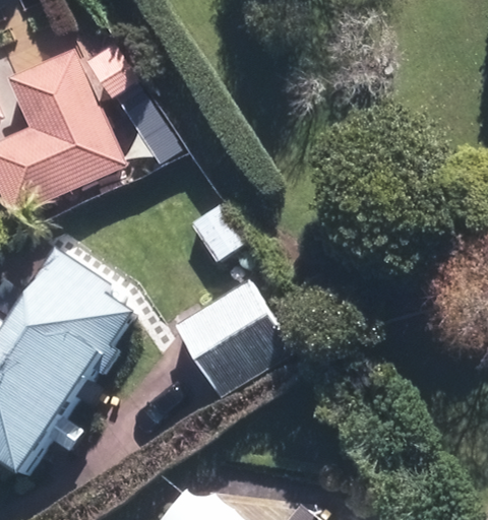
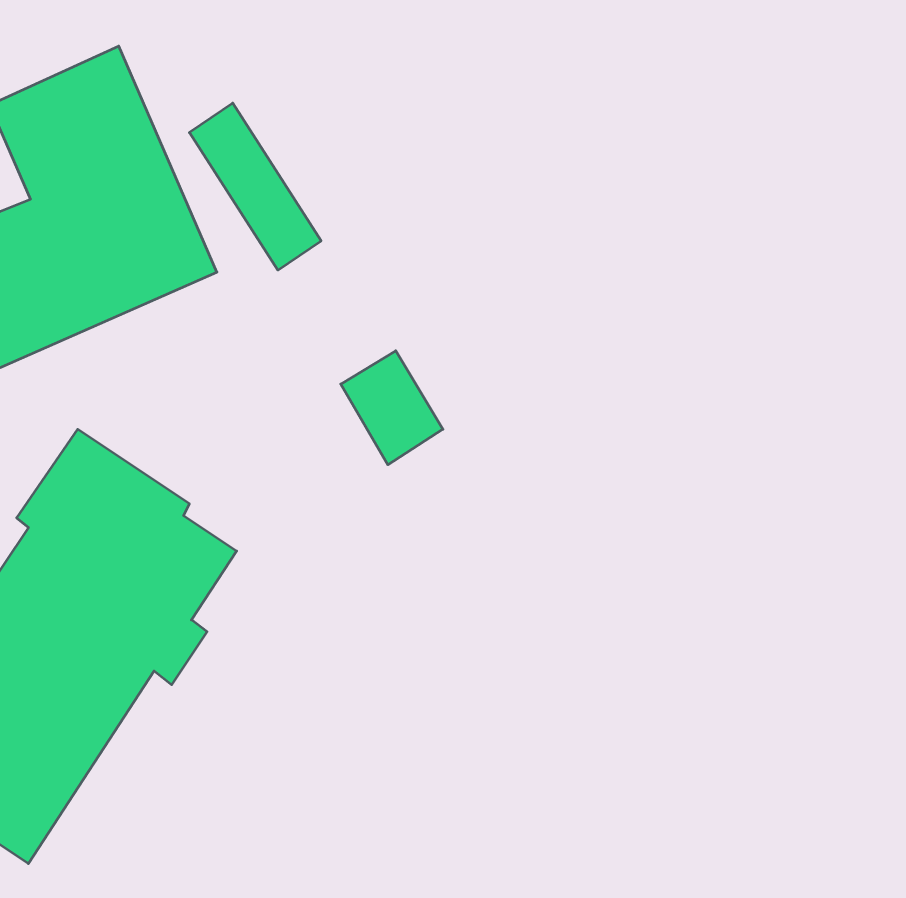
building: [175,281,287,388] -> none

